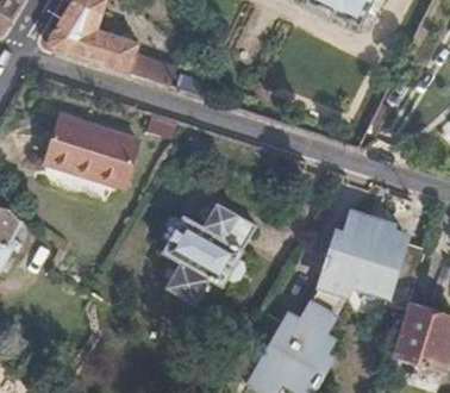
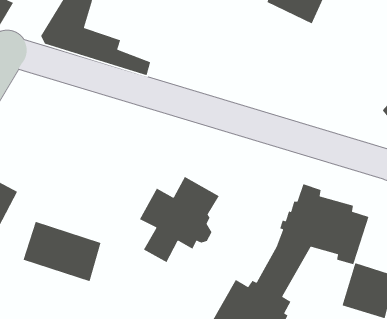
building: [48,113,138,183] -> [23,221,102,282]

